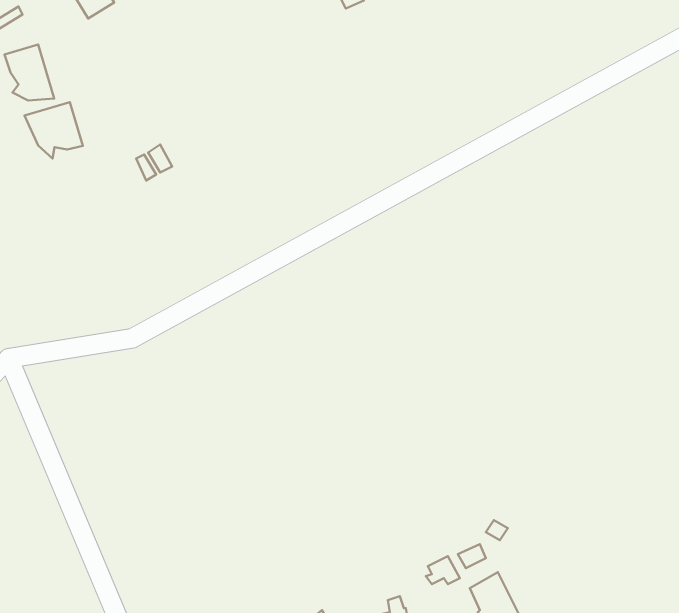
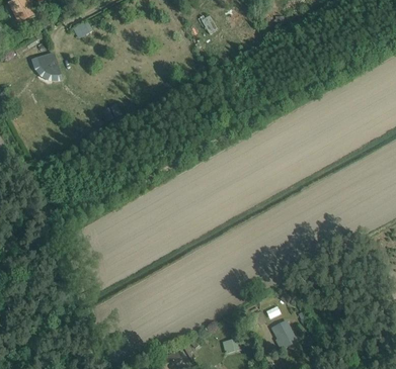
building: [25,102,83,159] -> none

